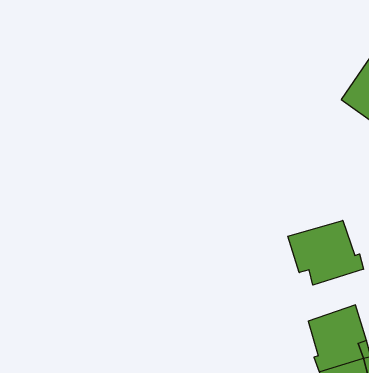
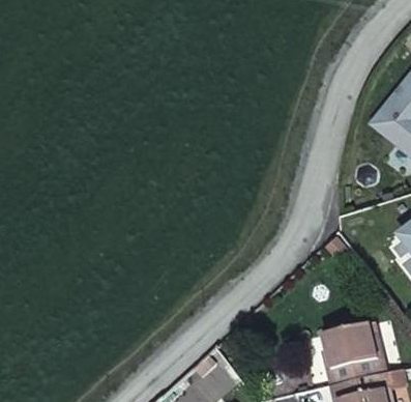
building: [288,220,364,285] -> none

